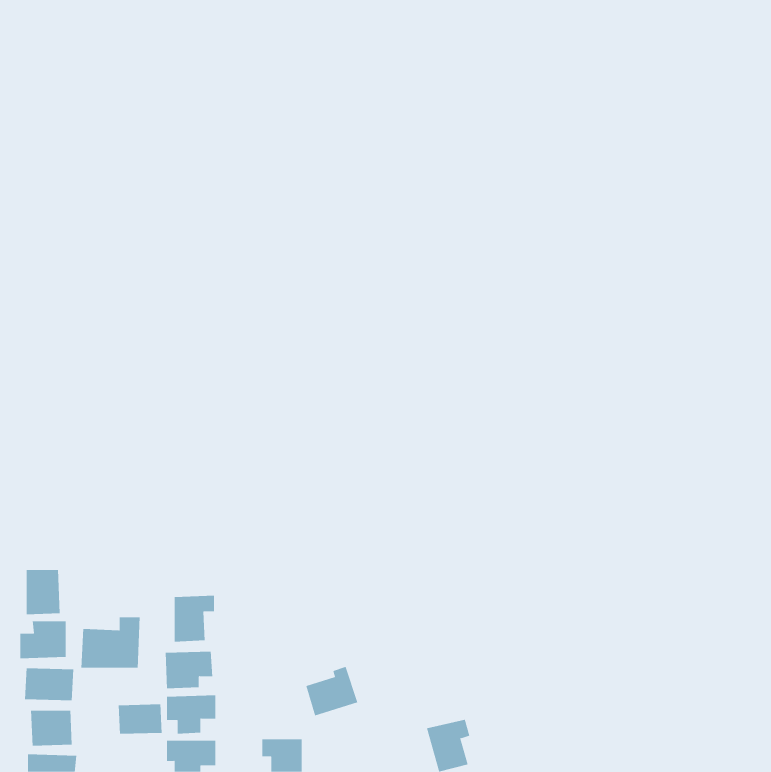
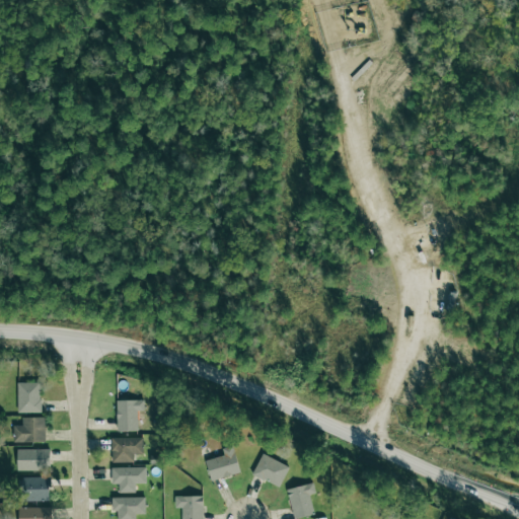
building: [81,616,140,668] -> none
building: none -> [253,454,289,487]
building: [118,703,162,735] -> none

